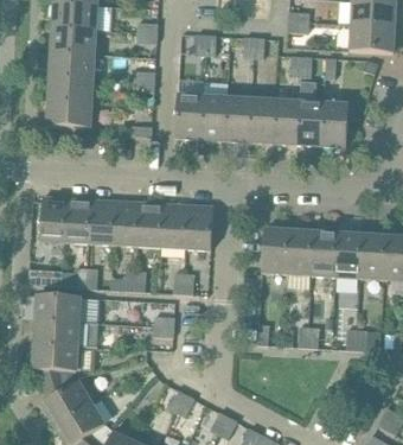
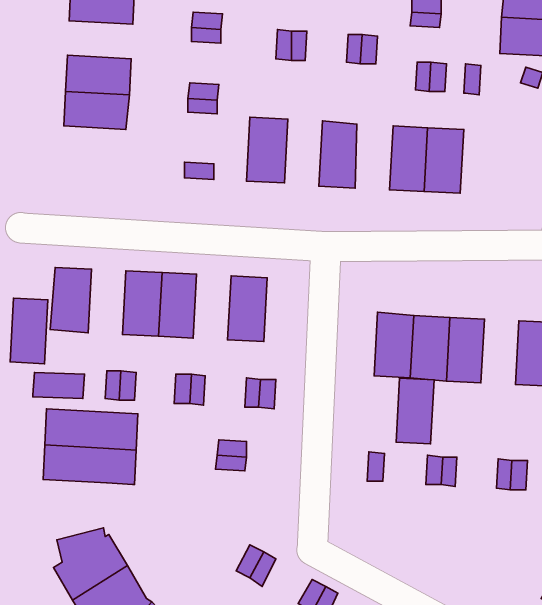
building: [51,27,96,53] -> none
building: [200,95,226,141] -> none
building: [249,98,275,144] -> none
building: [46,100,91,127] -> none
building: [321,102,348,147] -> none
building: [65,198,91,243] -> [10,298,48,364]
building: [137,202,164,247] -> none
building: [186,204,213,250] -> none
building: [335,233,362,278] -> [396,378,434,444]
building: [32,343,96,384] -> none

